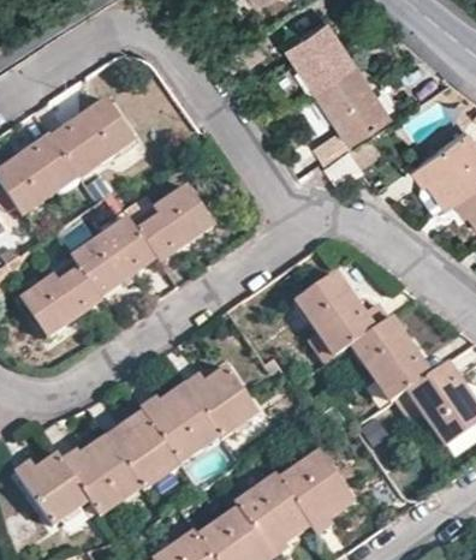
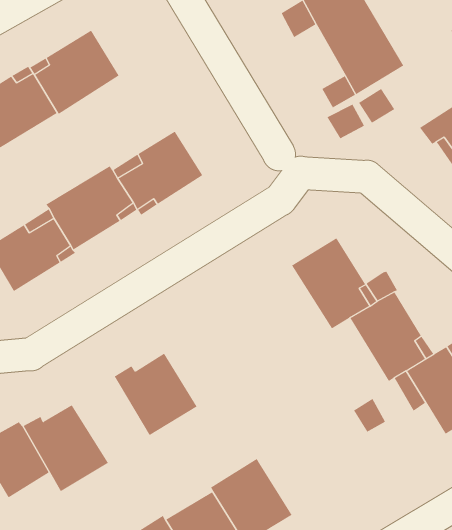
building: [186,367,256,434] -> none
building: [106,416,179,489] -> none
building: [278,449,351,532] -> none

